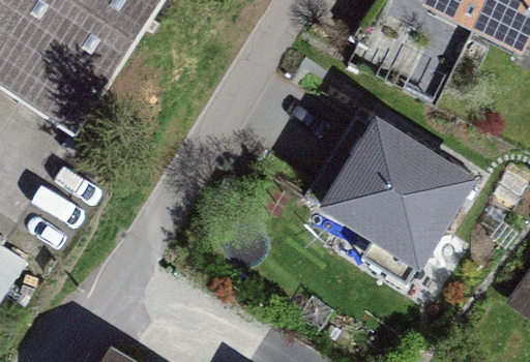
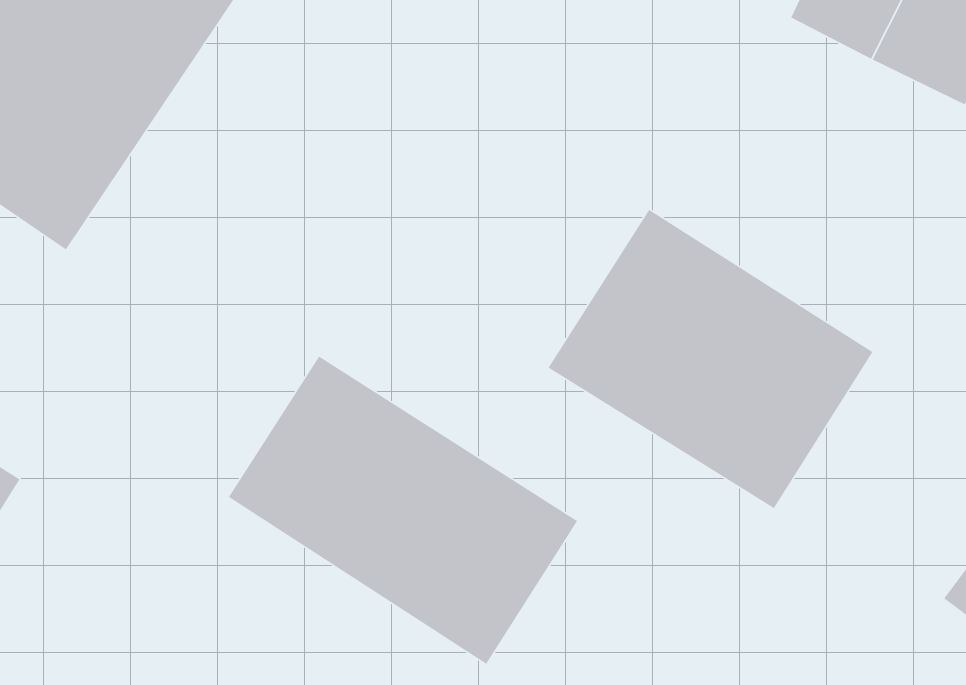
building: none -> [228,356,578,665]

